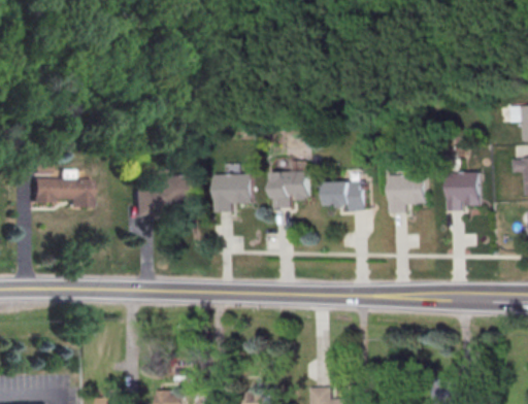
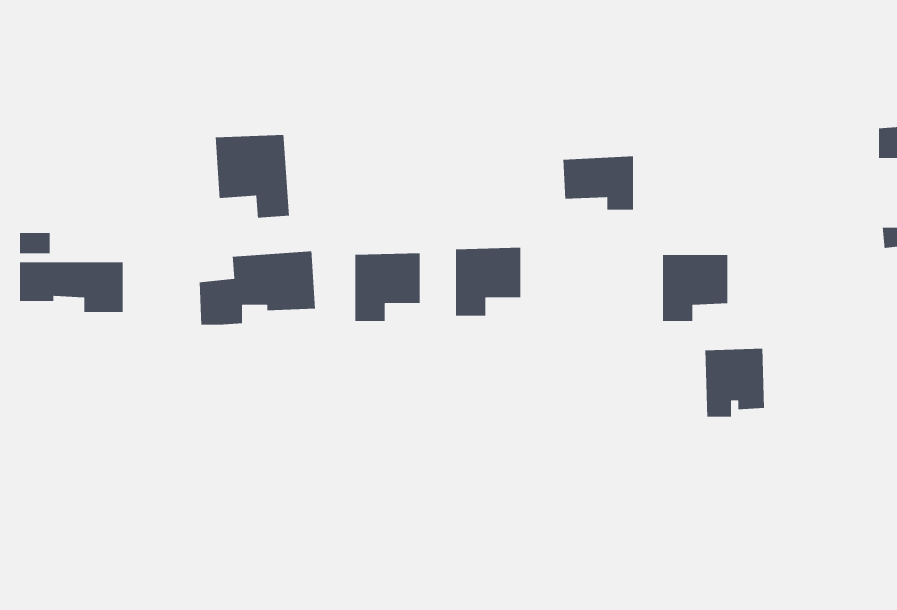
building: none -> [215,134,290,218]
building: [446,172,480,211] -> [705,348,765,418]
building: [324,180,364,211] -> [563,156,634,211]

